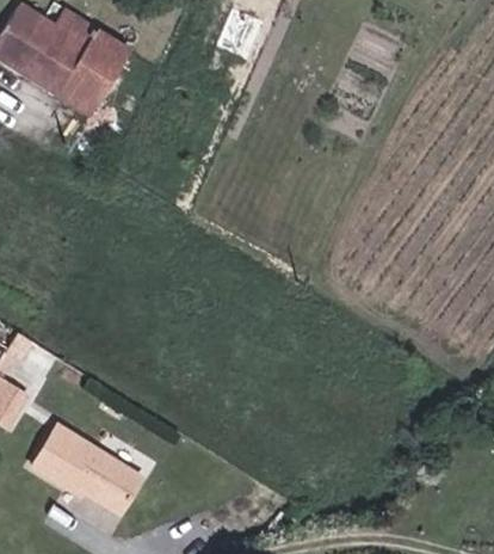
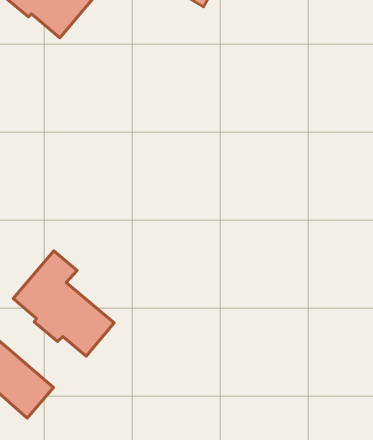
building: none -> [13,251,114,356]

